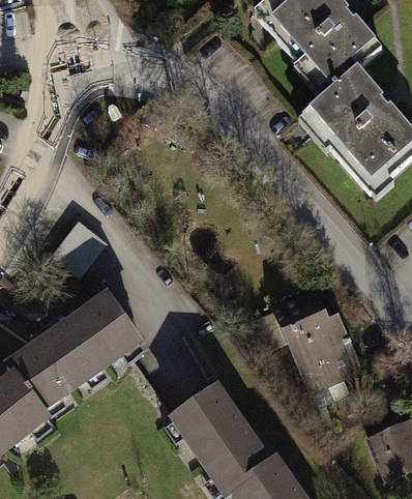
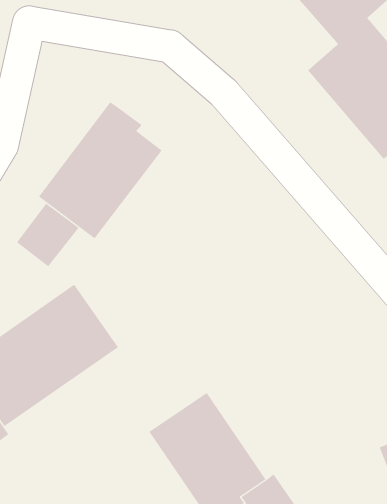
building: none -> [38,102,162,239]
building: [272,290,360,391] -> none

